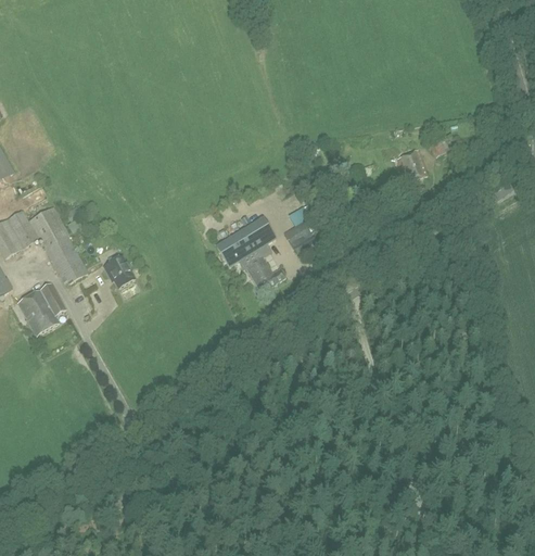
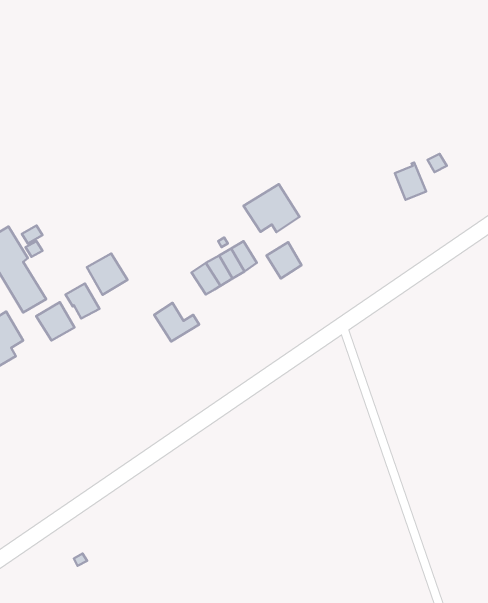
building: none -> [244,184,300,232]
building: none -> [87,253,128,295]
building: [245,255,285,290] -> [154,303,199,341]
building: none -> [36,302,75,340]

